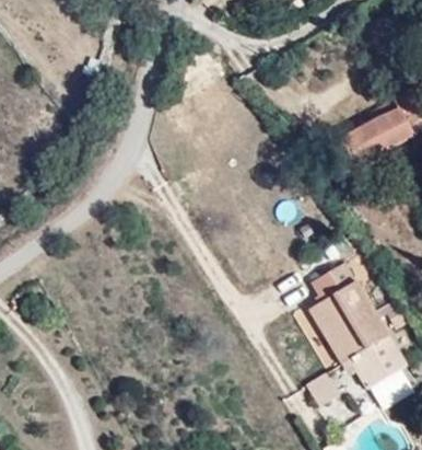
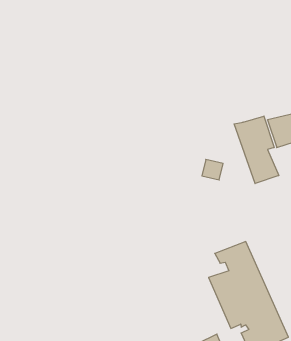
building: none -> [234,116,279,184]

